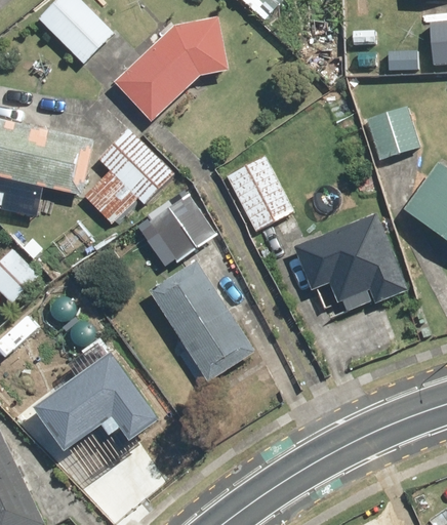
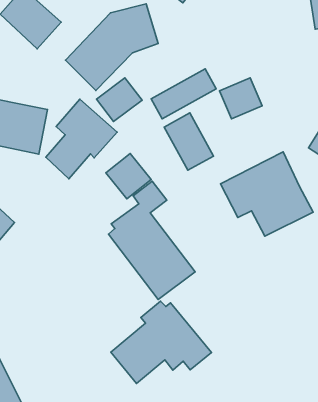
building: none -> [151,69,216,119]
building: none -> [96,78,142,121]
building: [366,108,417,157] -> [220,78,262,119]
building: [37,351,161,450] -> [111,301,212,383]

